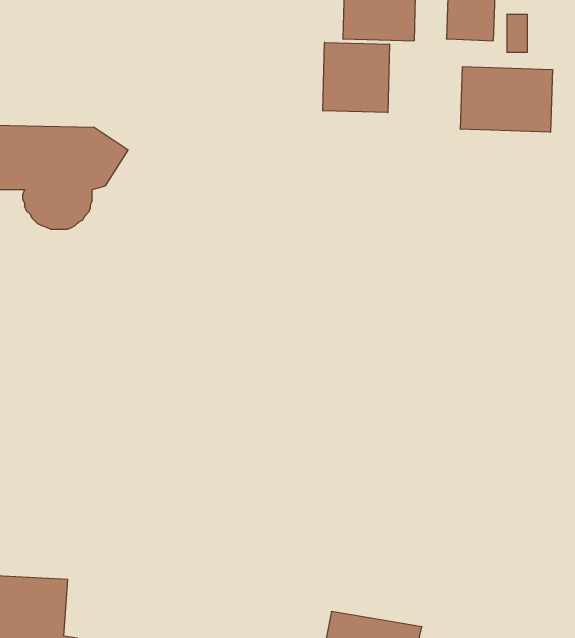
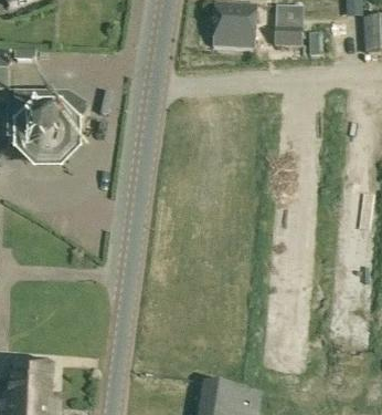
building: [323,42,389,113] -> none
building: [460,67,553,132] -> none

